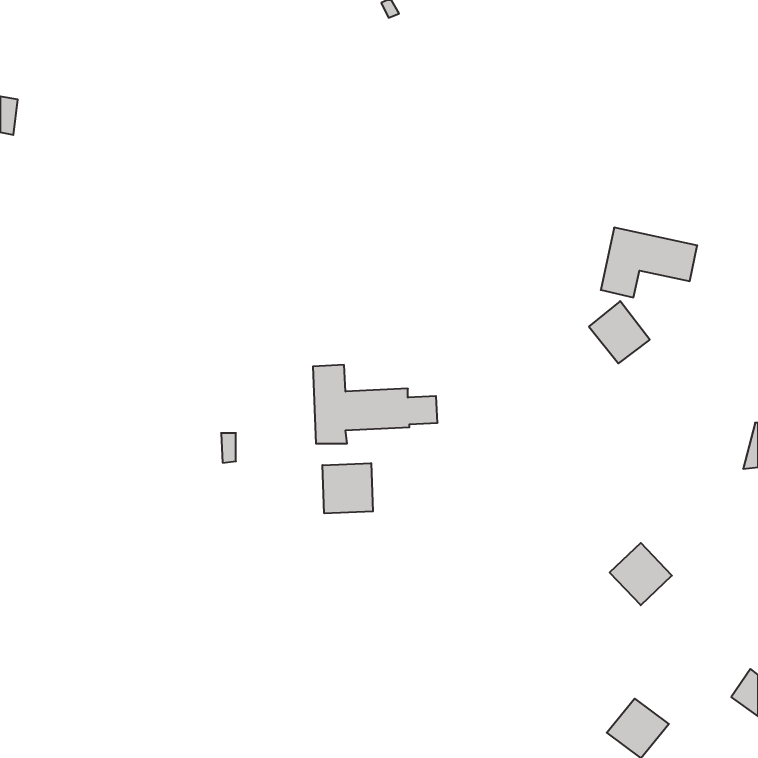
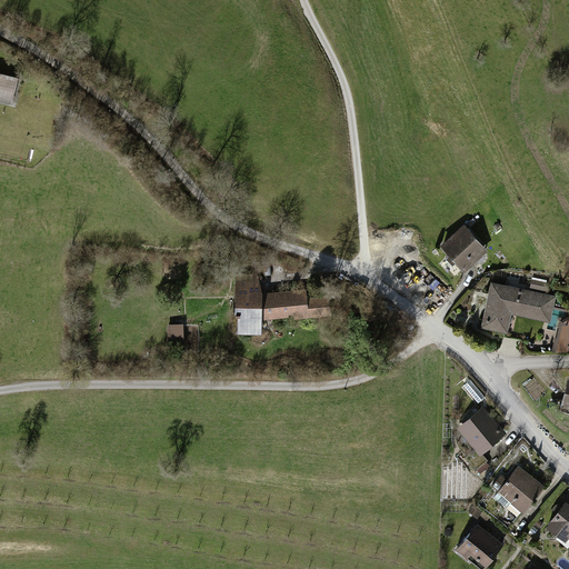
building: [601,228,697,297] -> [482,282,555,335]
building: [322,463,373,513] -> none
building: none -> [496,466,541,511]

